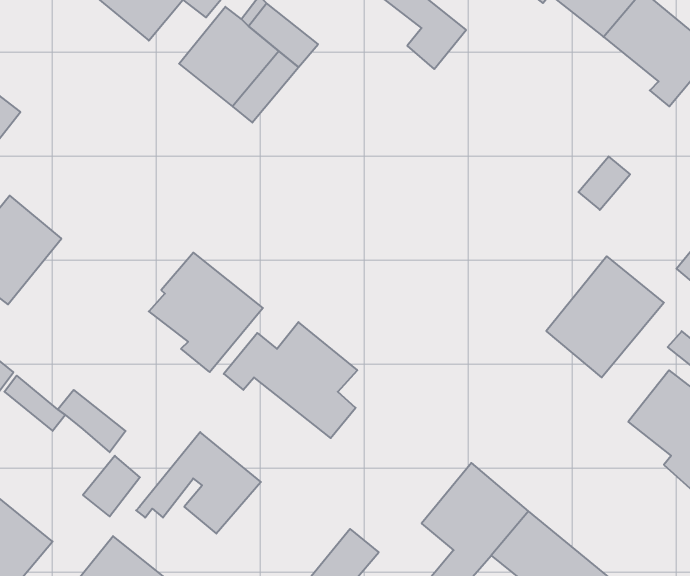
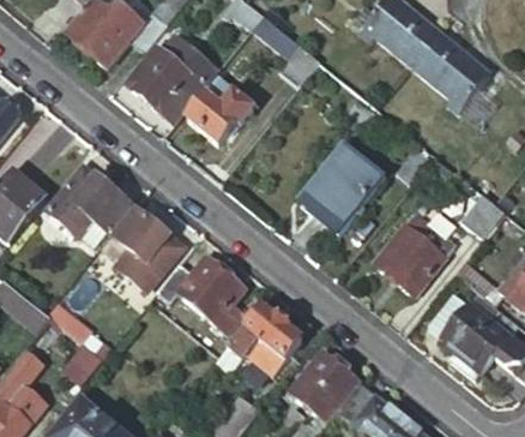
building: none -> [188,79,254,143]
building: none -> [297,144,386,233]
building: none -> [50,168,131,243]
building: [136,432,261,534] -> [219,306,303,375]

